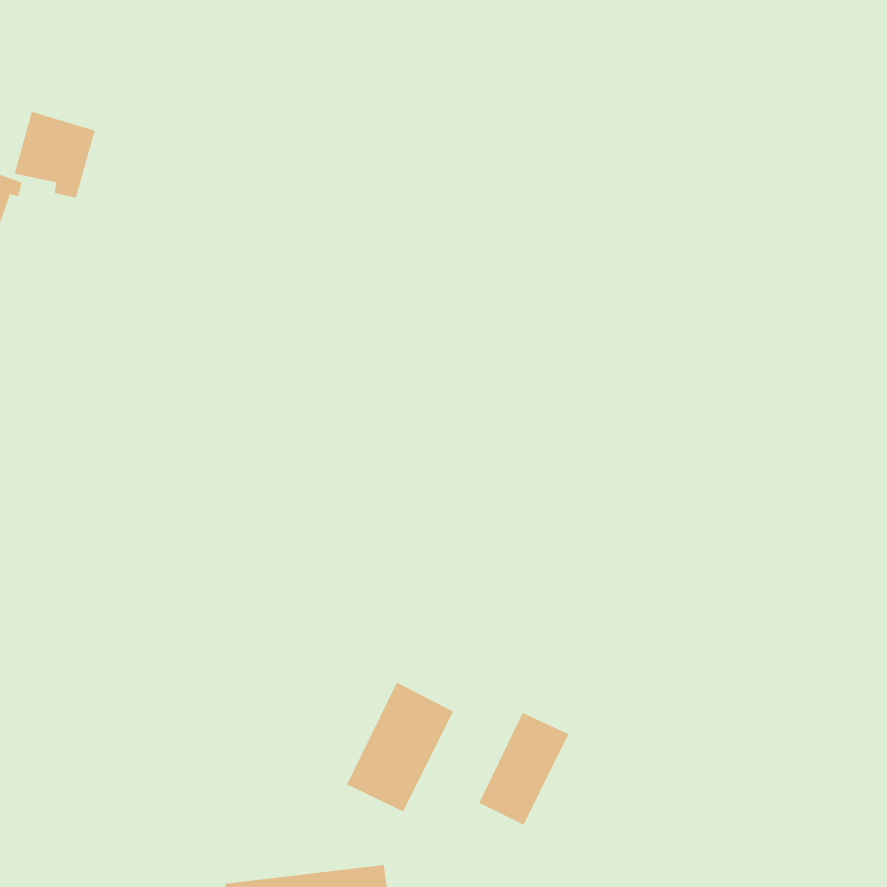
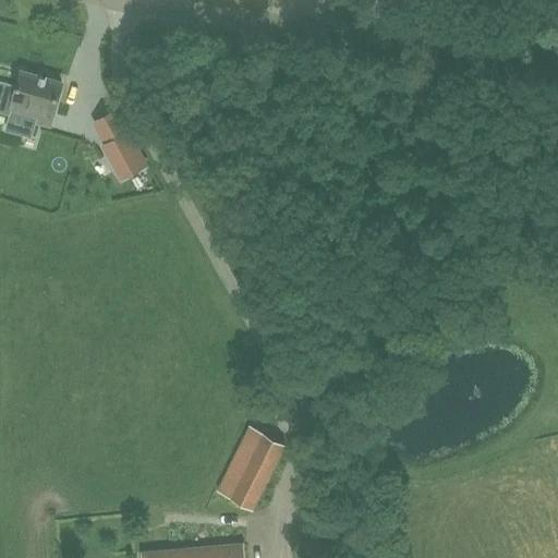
building: none -> [94,111,145,180]
building: [479,712,569,826] -> none

